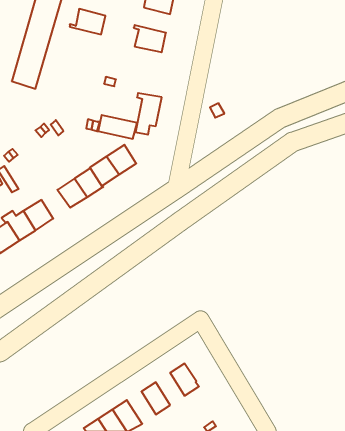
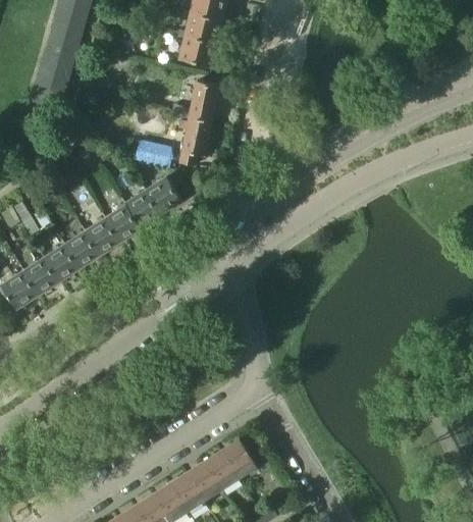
building: [70,9,105,34] -> [178,11,221,42]
building: none -> [182,81,218,119]
building: none -> [66,230,101,265]
building: none -> [204,451,239,489]
building: none -> [169,473,204,512]

